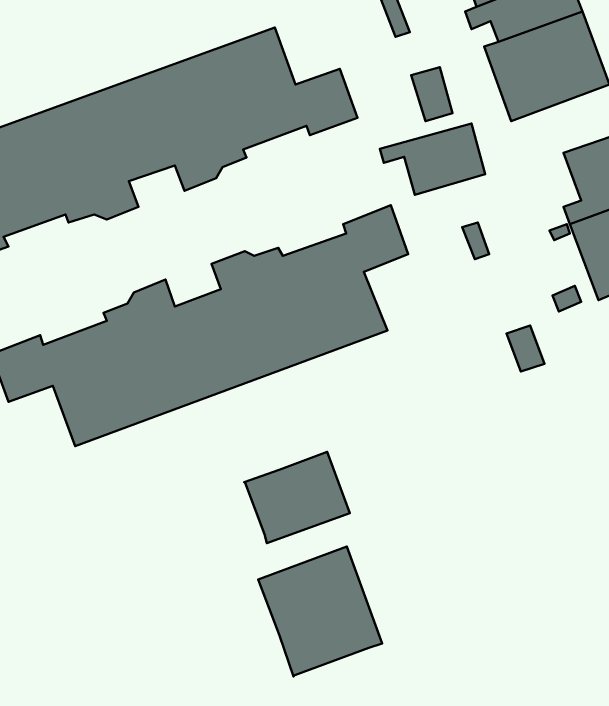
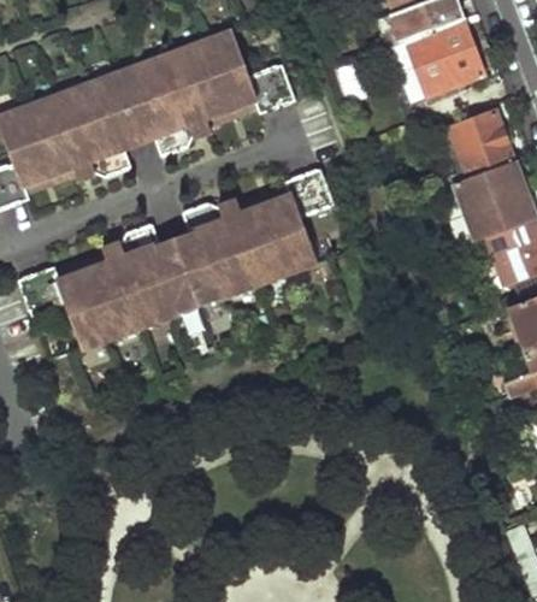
building: [380,123,485,195] -> none
building: [244,452,350,543] -> none
building: [258,547,382,676] -> none

